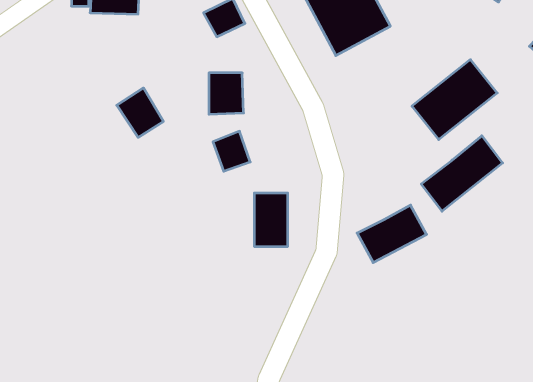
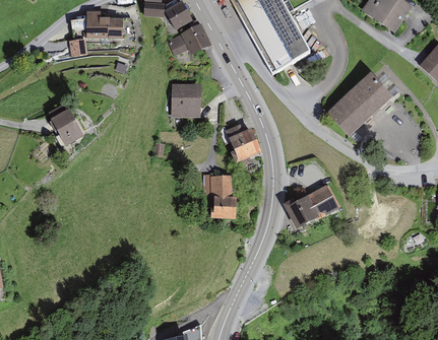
building: [117,88,163,137] -> [52,104,87,141]
building: [213,131,250,171] -> [229,128,257,158]
building: [421,136,503,211] -> none

